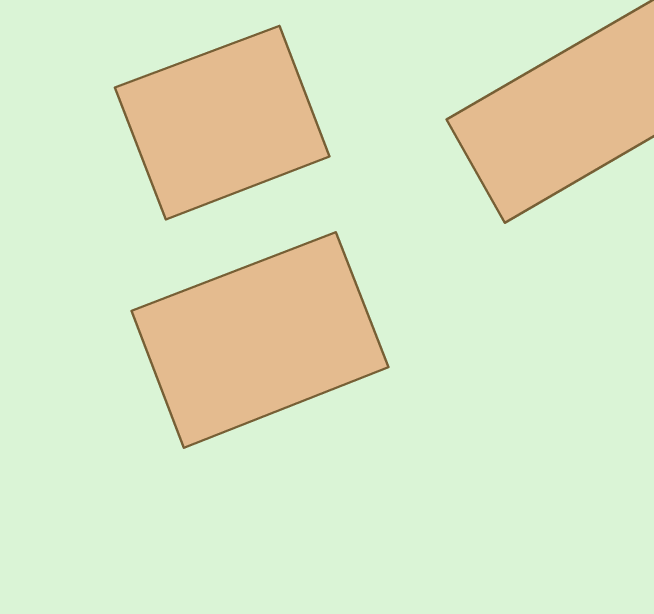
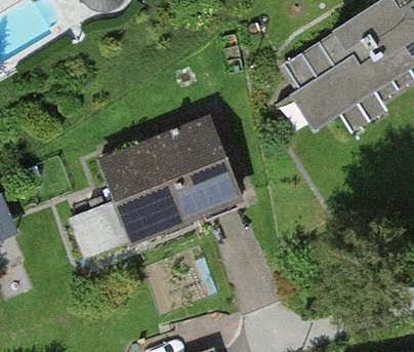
building: [115,26,329,220] -> none

